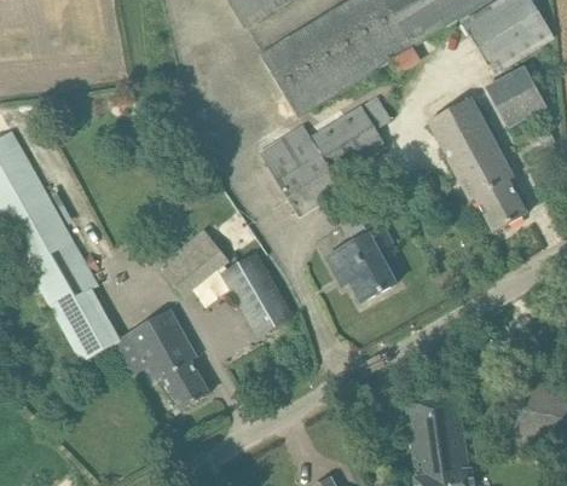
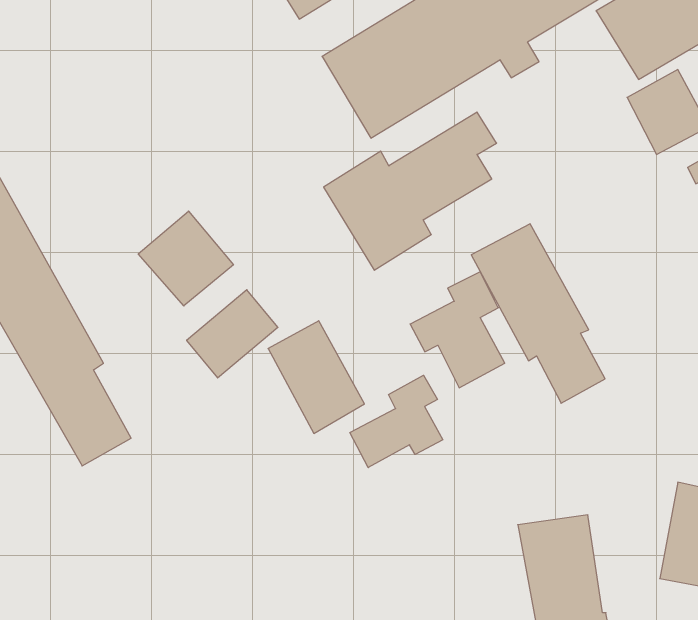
building: [427,97,526,230] -> [471,224,605,403]
building: none -> [138,211,233,306]
building: none -> [350,375,443,468]
building: [129,307,209,407] -> none

